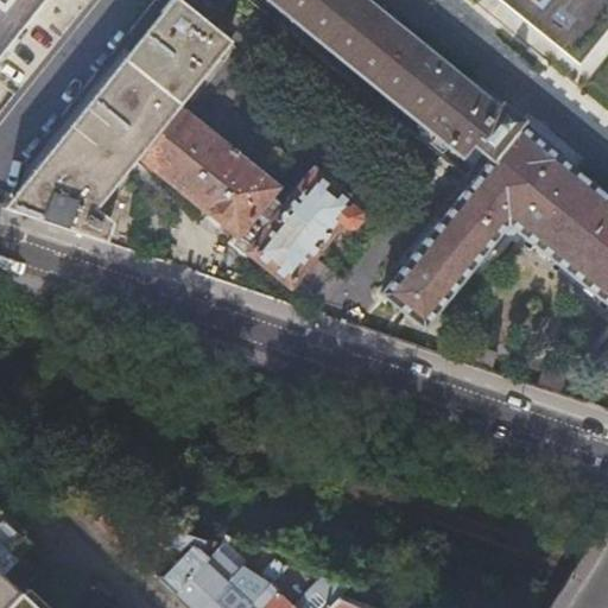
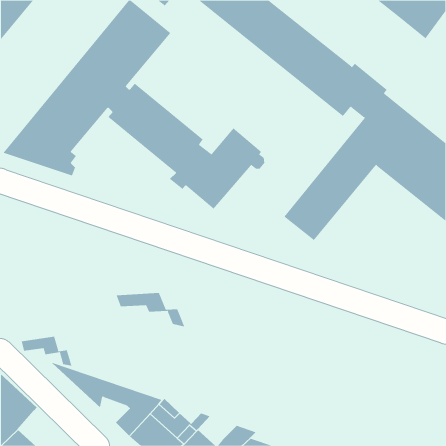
building: none -> [116,292,185,328]
building: none -> [21,336,72,367]

